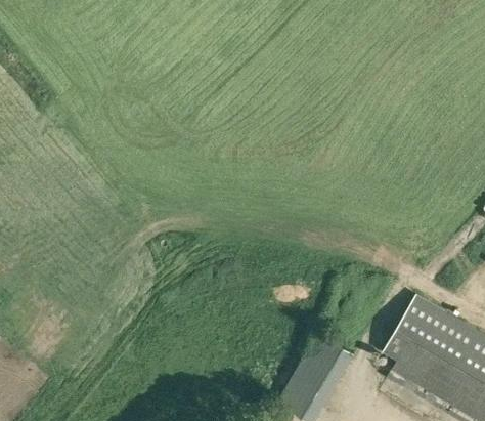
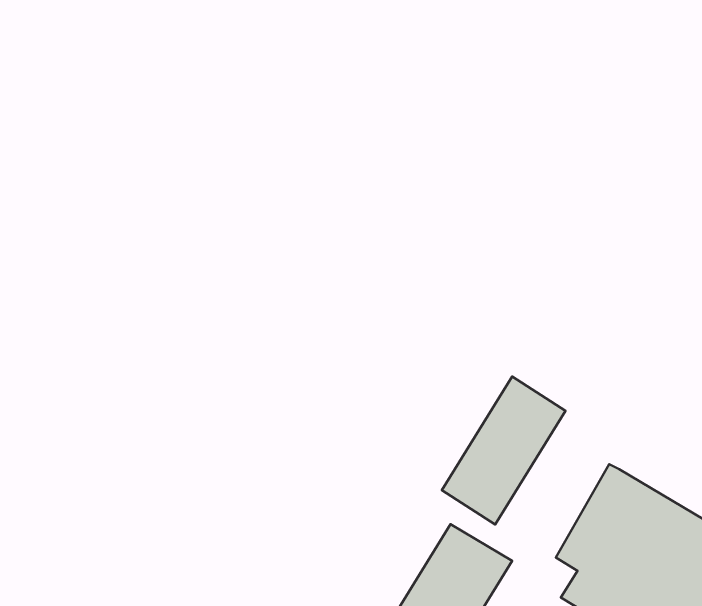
building: none -> [442,376,566,525]

